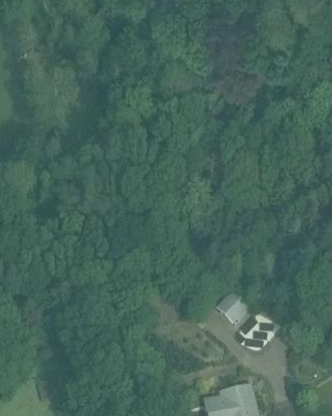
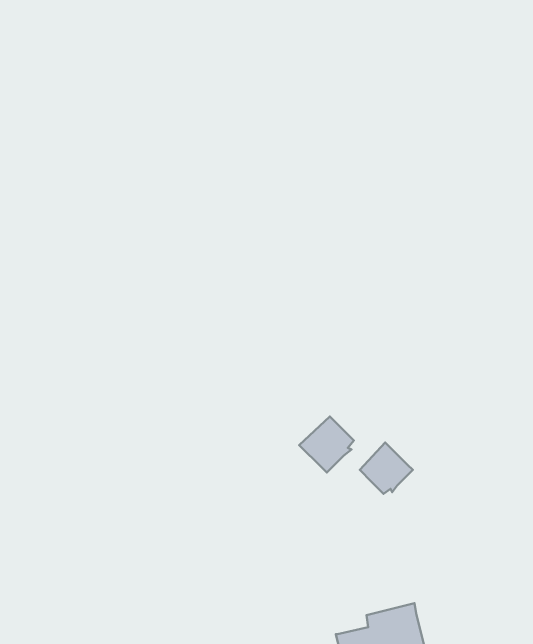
building: none -> [299,416,354,473]

